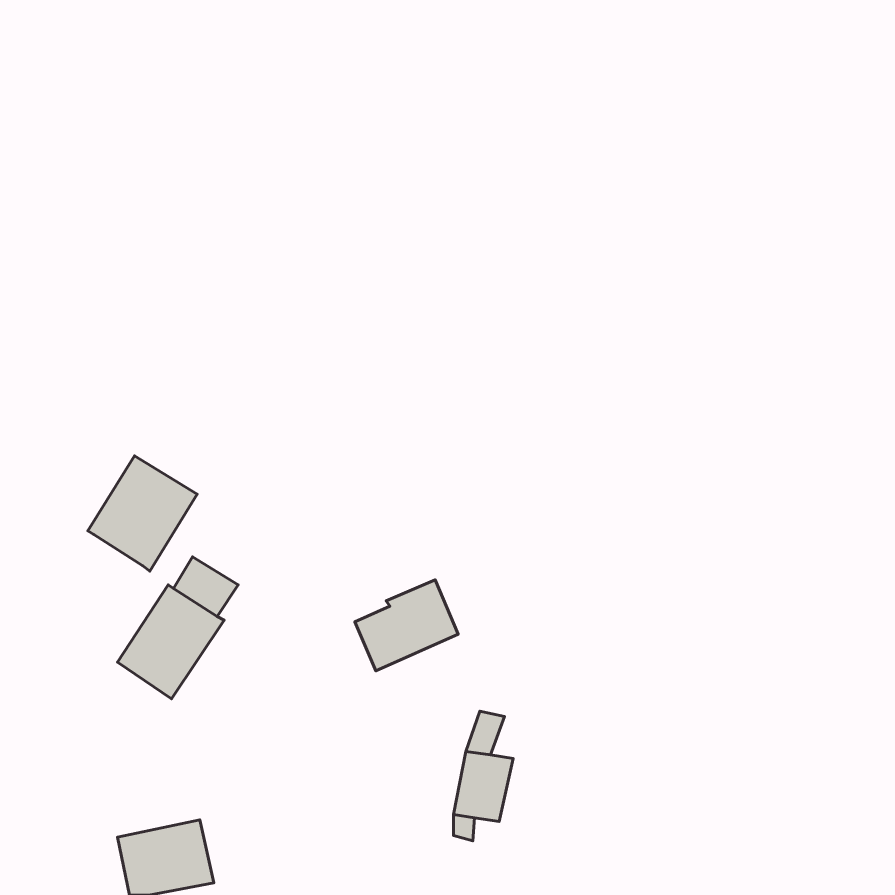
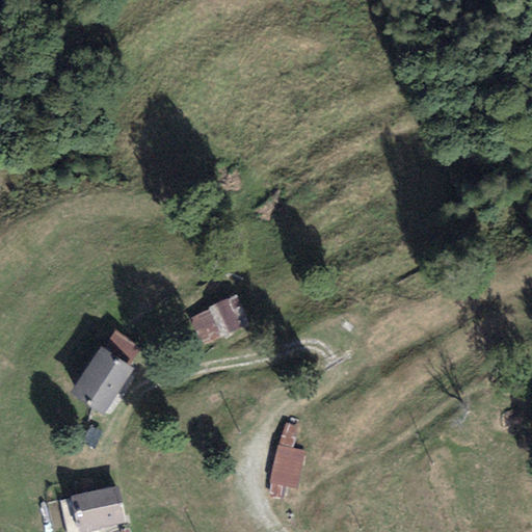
building: [88,456,197,571] -> none
building: [355,580,458,671] -> [189,293,250,347]

